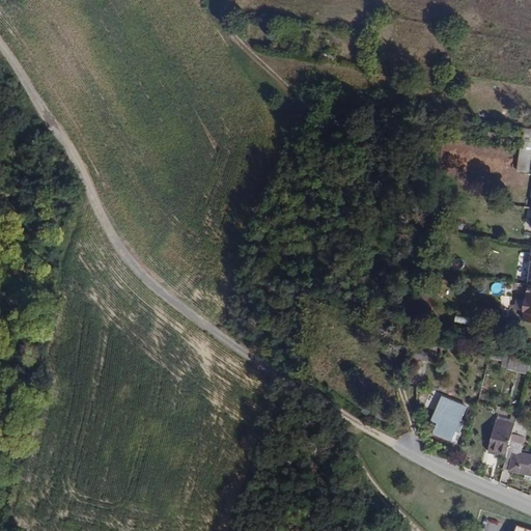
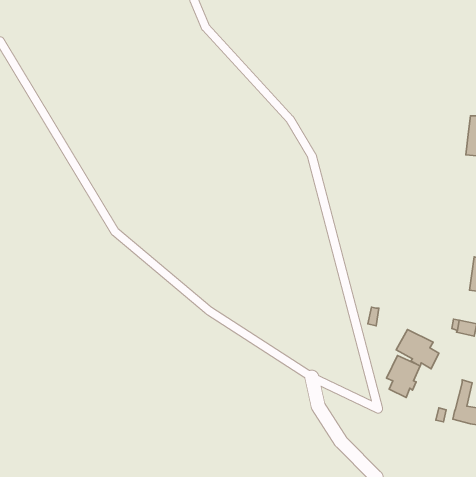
building: none -> [396,329,439,369]
building: [490,423,514,454] -> none

